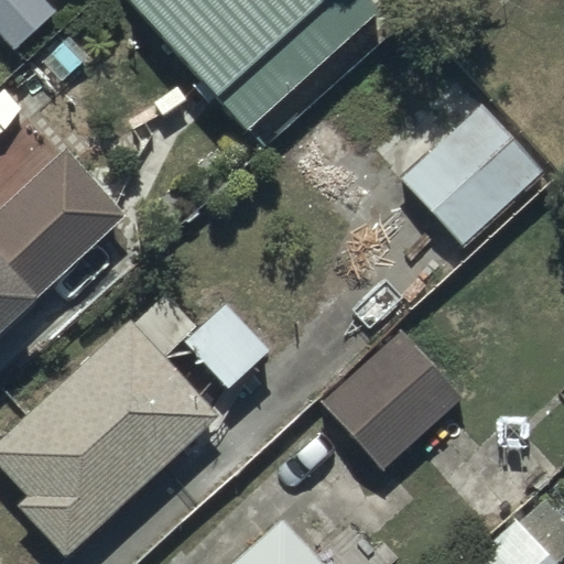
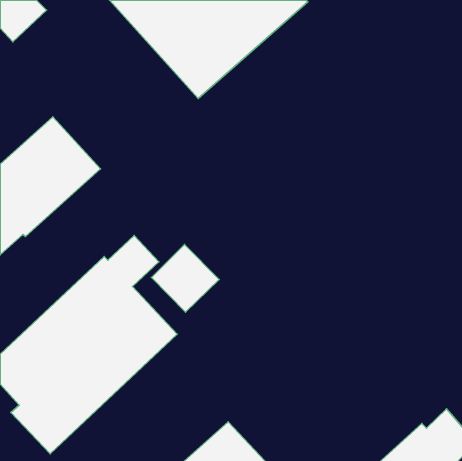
building: [405,111,550,254] -> none
building: [319,332,459,470] -> none

